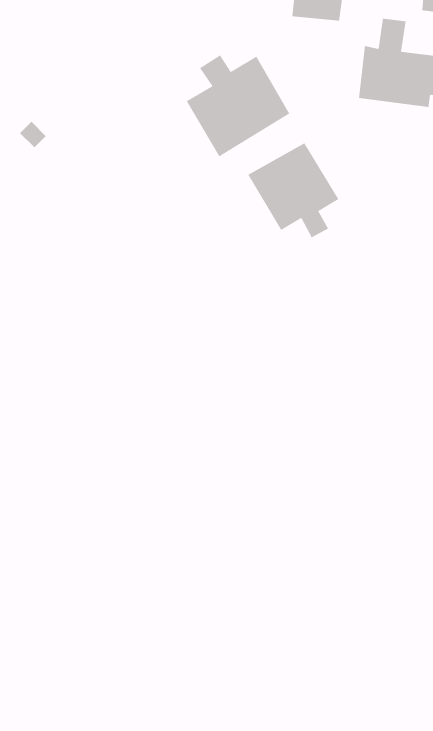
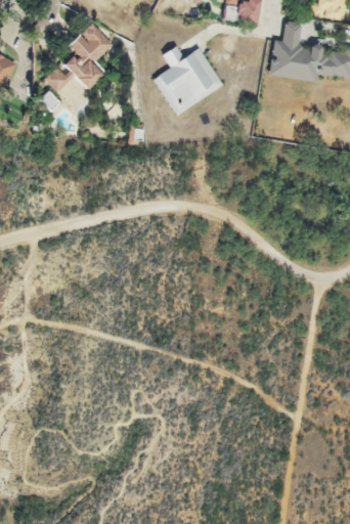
building: none -> [44,20,116,92]
building: [248,142,339,238] -> none

